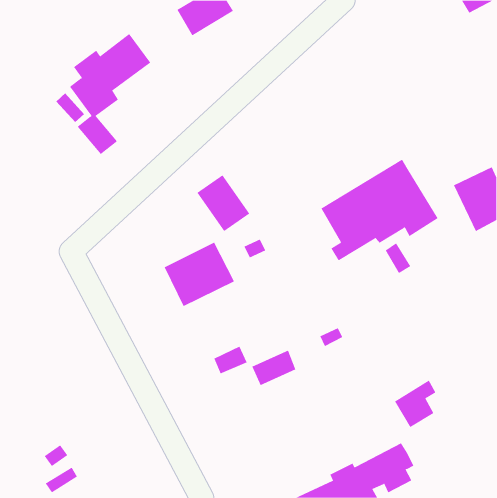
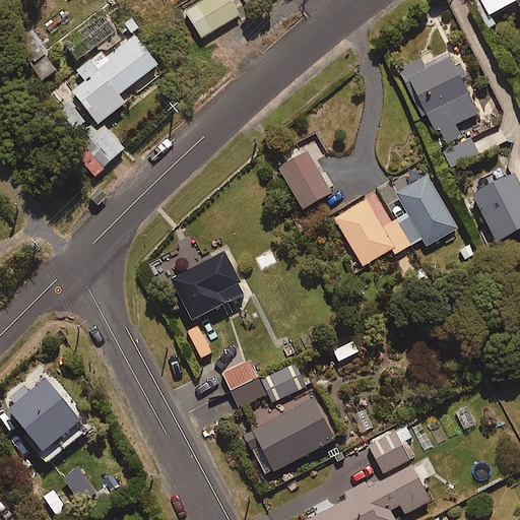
building: none -> [401,55,486,169]
building: [197,174,250,232] -> [277,149,333,209]
building: none -> [5,376,80,452]
building: [394,380,436,428] -> [368,424,411,473]
building: none -> [244,399,334,476]

